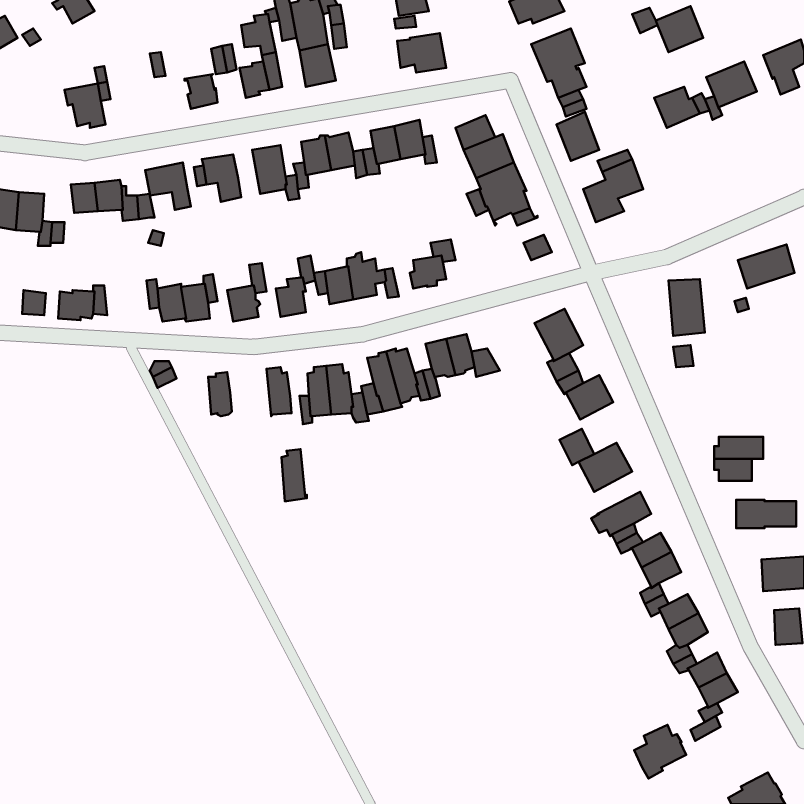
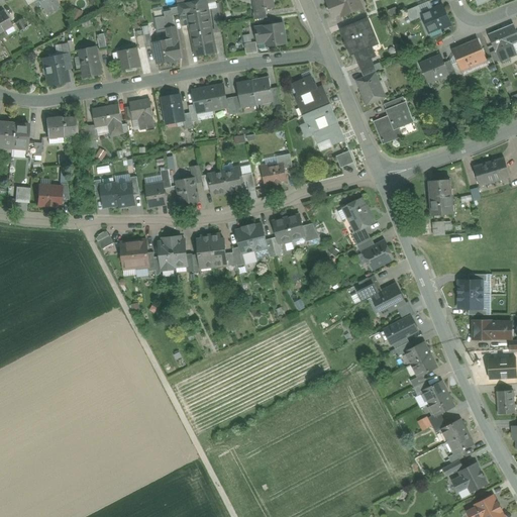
building: none -> [78,45,101,77]
building: none -> [119,240,135,269]
building: [282,449,307,501] -> [159,236,175,270]
building: [634,725,686,778] -> [452,463,486,498]

